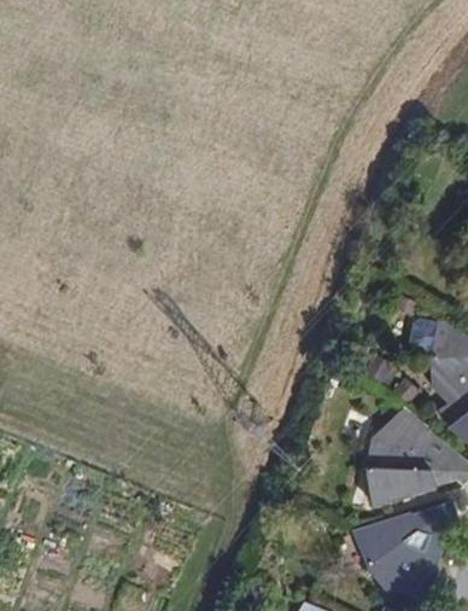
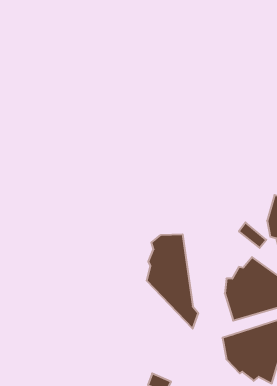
building: none -> [147,234,198,329]

